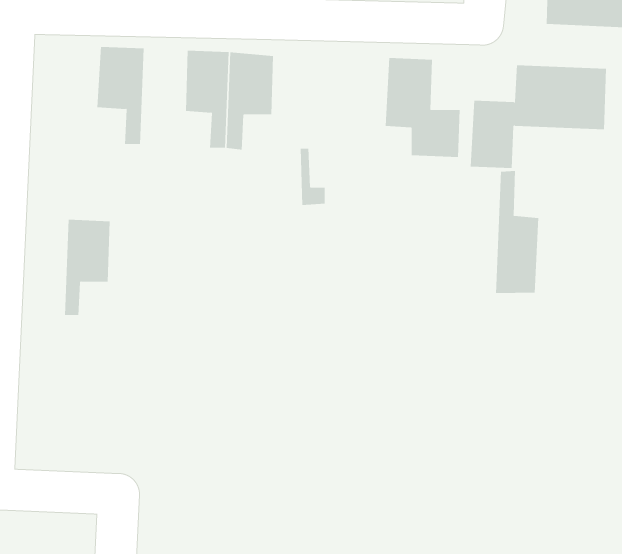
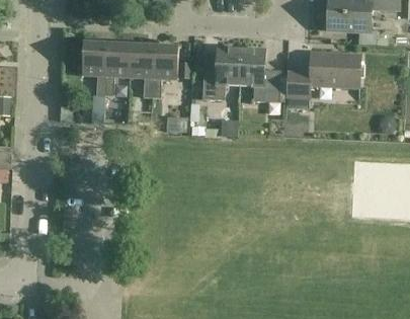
building: none -> [201,46,241,98]
building: [496,170,539,294] -> none
building: [64,219,111,315] -> [105,42,131,94]

